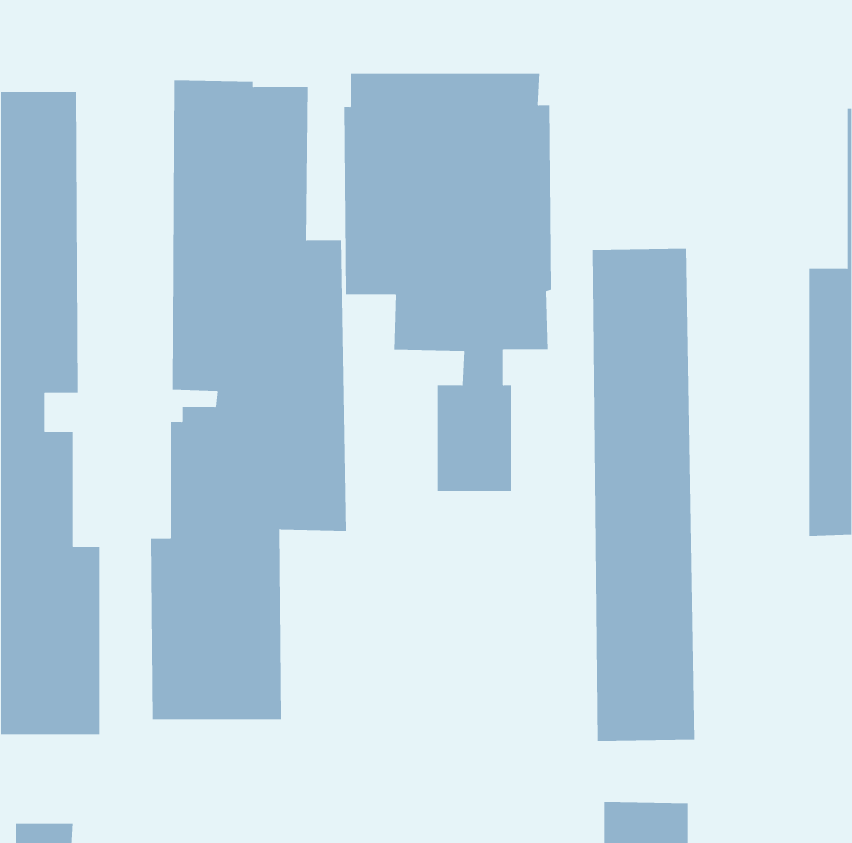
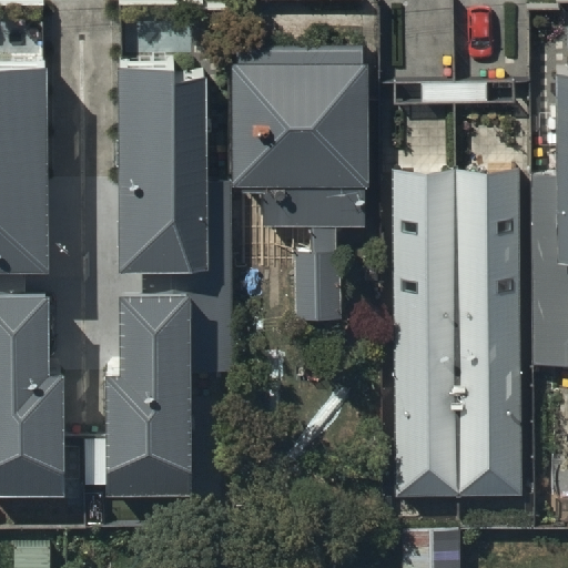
building: none -> [457,170,523,498]

